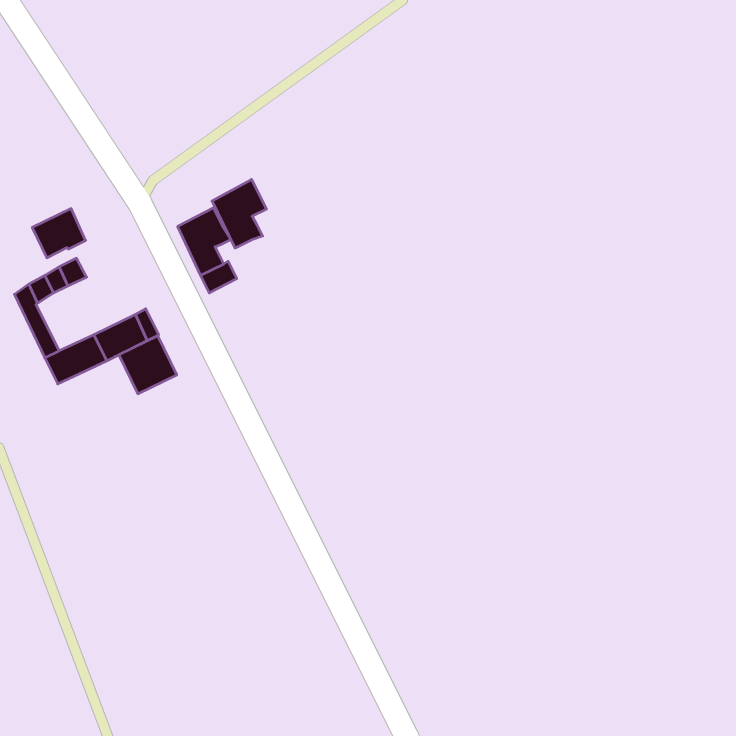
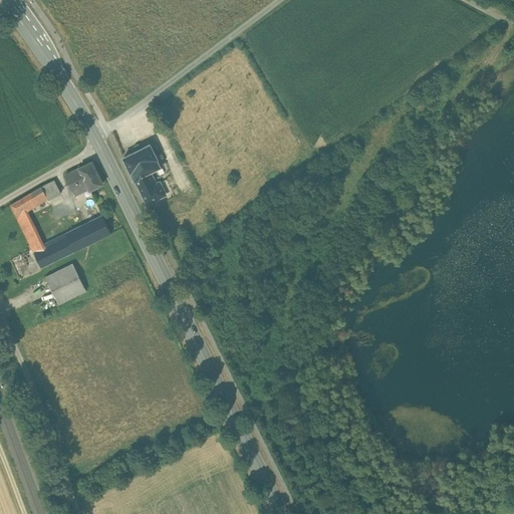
building: [212,179,266,248] -> none
building: [32,209,86,258] -> [64,163,101,197]
building: [119,336,177,394] -> [45,264,85,304]

